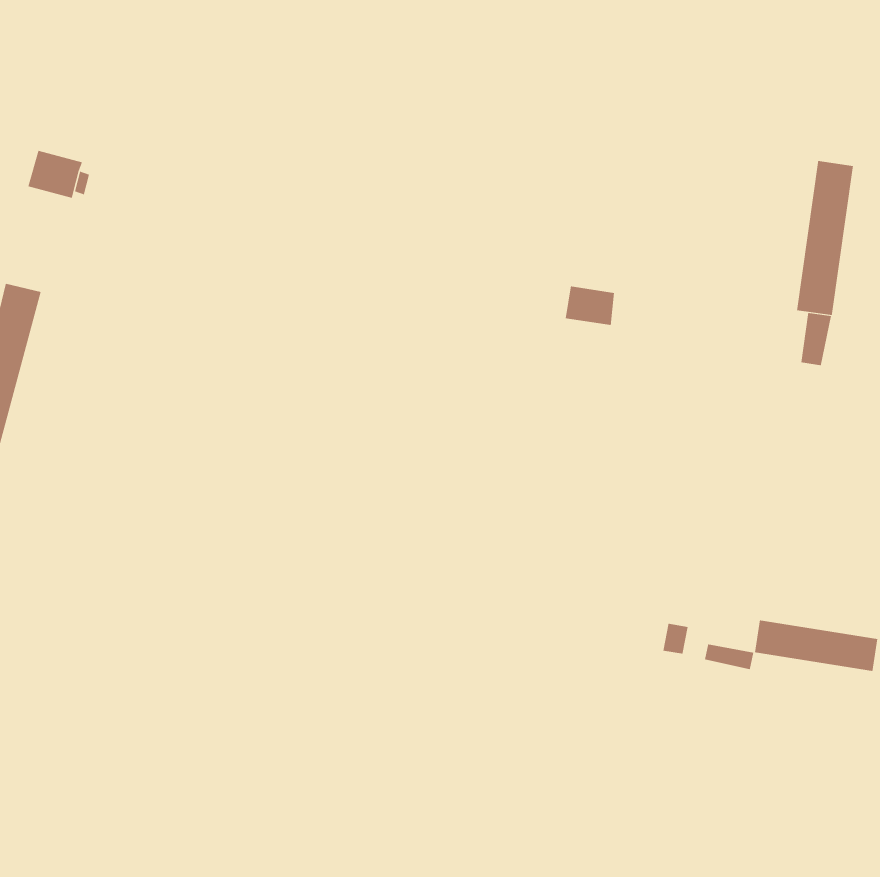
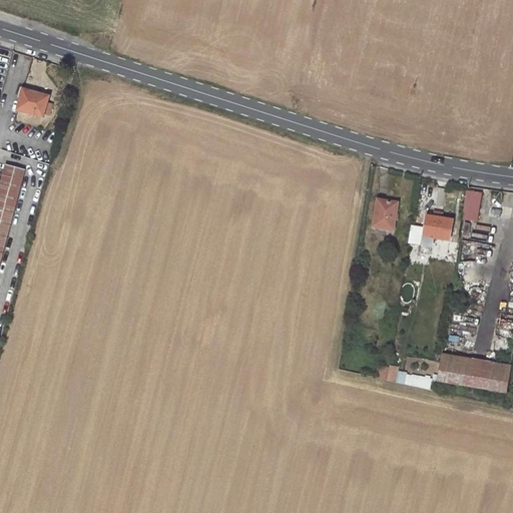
building: [796,160,854,316] -> none
building: [565,286,615,325] -> [372,203,401,226]
building: none -> [408,212,452,242]

